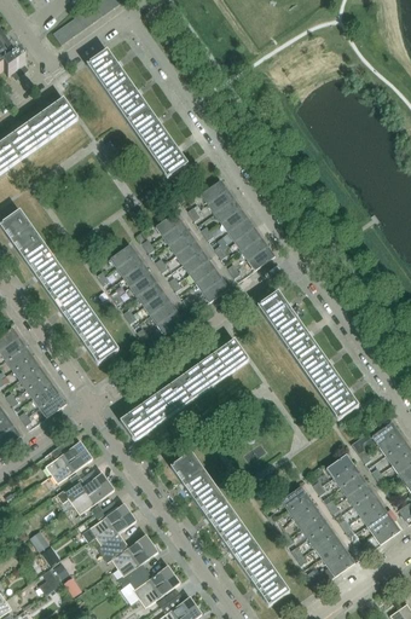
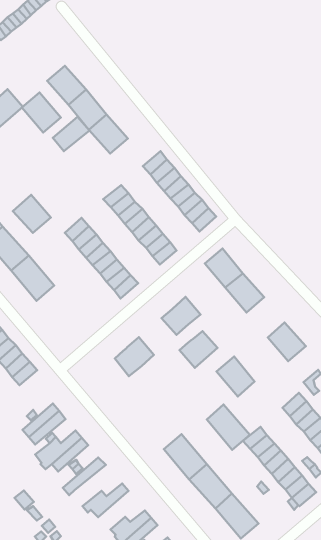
building: [86,48,127,92] -> [22,92,61,132]
building: none -> [53,117,89,151]
building: none -> [13,195,51,233]
building: [73,313,118,363] -> none
building: [297,347,337,391] -> [216,356,254,396]
building: [179,359,220,398] -> [180,331,218,368]
building: [120,398,164,440] -> none
building: [170,451,215,501] -> [207,405,250,450]
building: [94,511,137,554] -> none
building: [117,542,158,582] -> none

